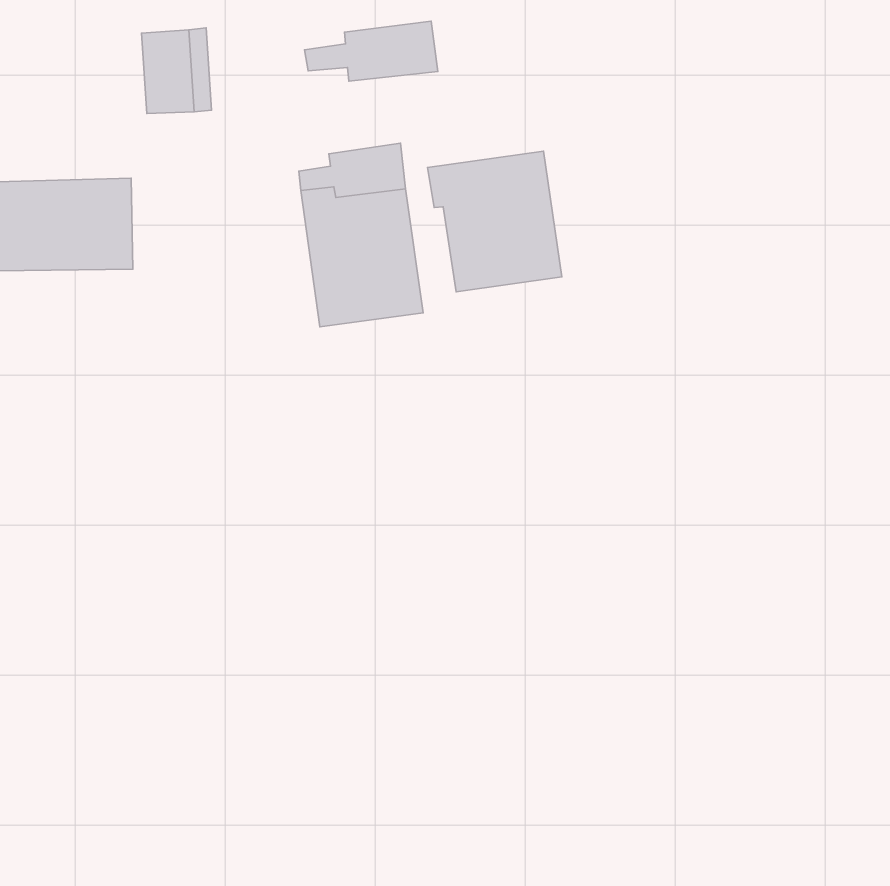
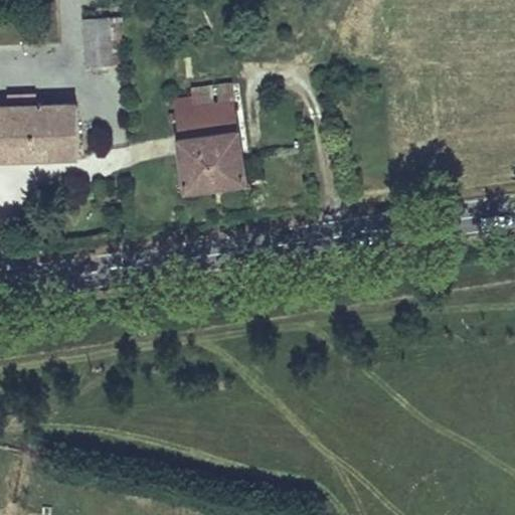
building: [305,21,438,81] -> none
building: [428,151,562,292] -> none

